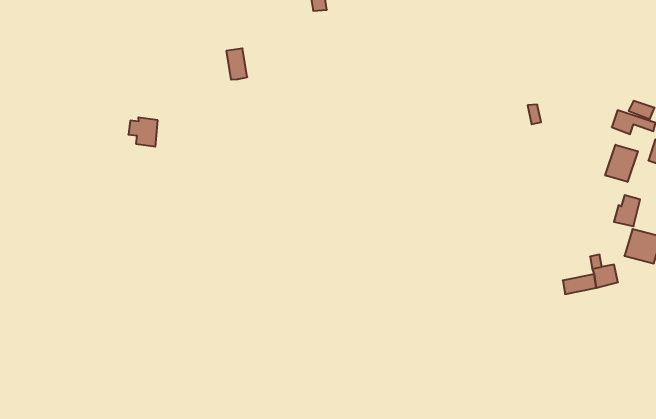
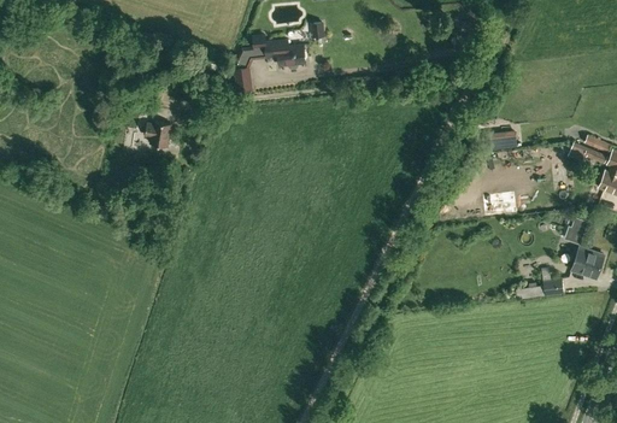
building: none -> [252,34,305,70]
building: [605,145,638,182] -> none

